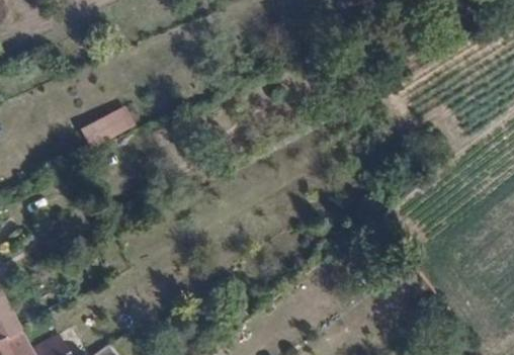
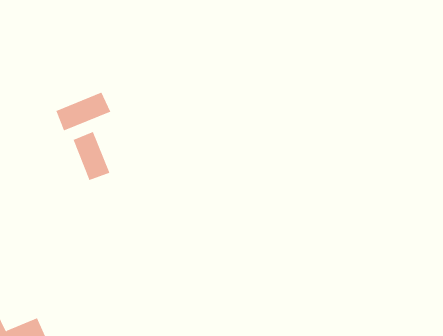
building: none -> [73,131,110,181]

